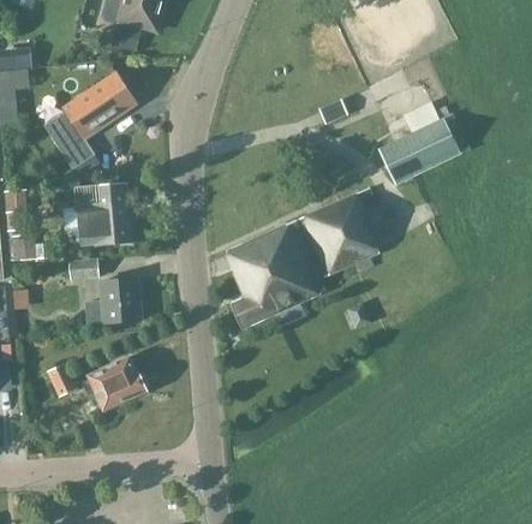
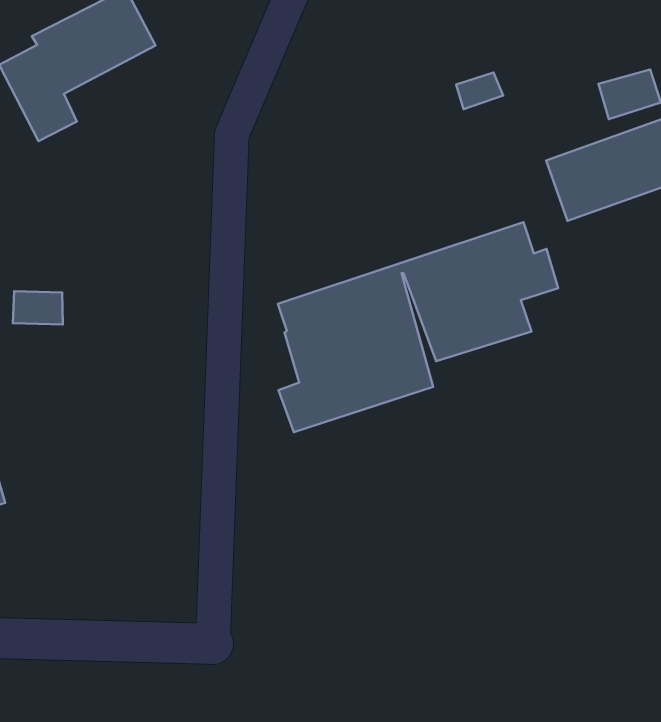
building: [70,183,135,245] -> none
building: [85,279,141,323] -> none
building: [82,357,145,411] -> none

